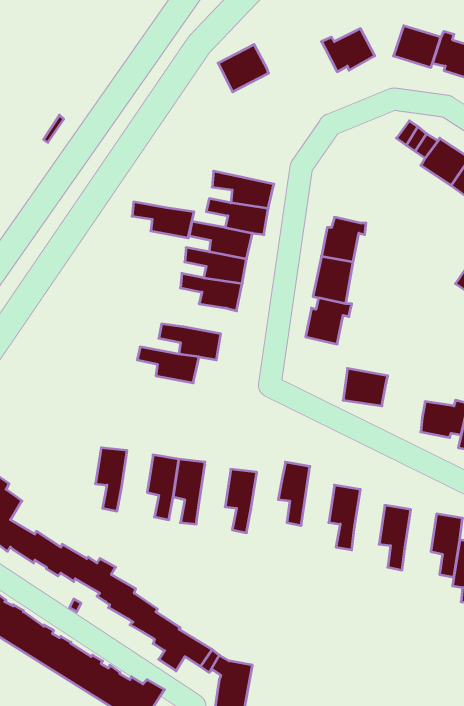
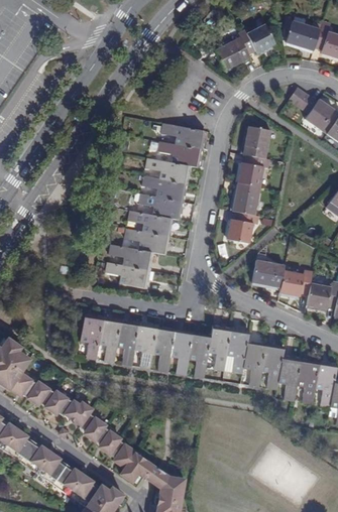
building: [218,44,269,92] -> [213,37,248,71]
building: none -> [241,127,268,160]
building: [132,202,194,238] -> [126,213,170,238]
building: none -> [104,264,146,290]
building: none -> [277,271,312,297]
building: none -> [96,319,118,365]
building: none -> [150,330,173,374]
building: none -> [222,331,247,375]
building: none -> [187,335,209,380]
building: none -> [259,347,281,392]
building: none -> [295,361,317,405]

